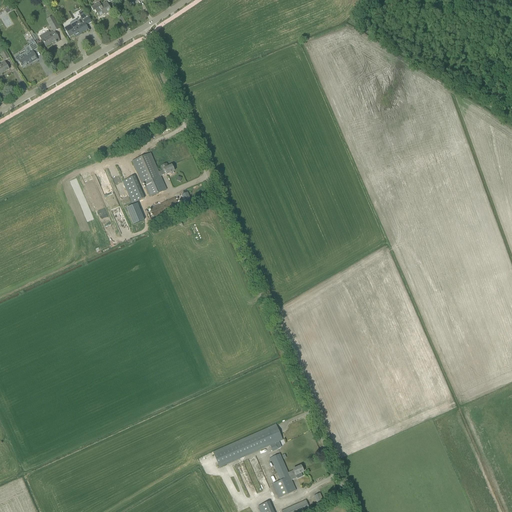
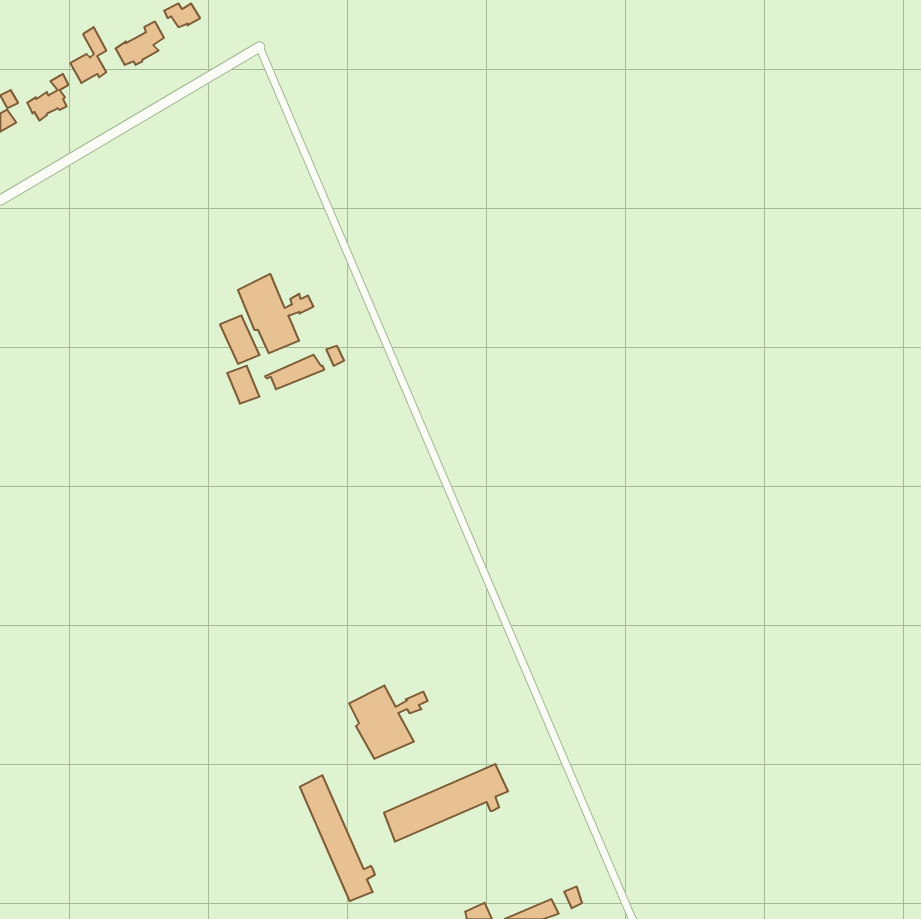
building: none -> [349,685,427,759]
building: none -> [300,775,375,901]
building: [269,453,303,497] -> none

